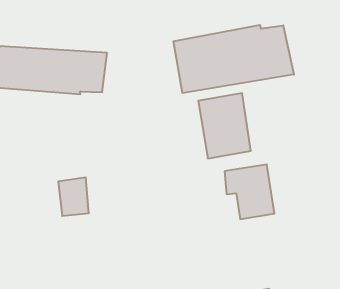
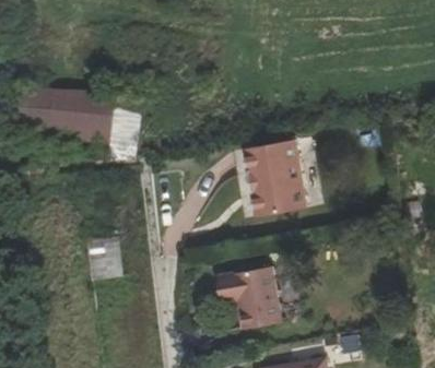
building: [173,25,294,93] -> none
building: [225,164,275,219] -> [225,268,282,330]

